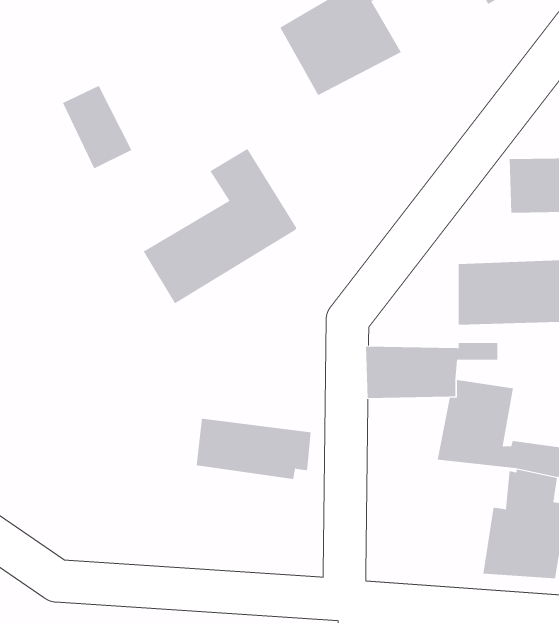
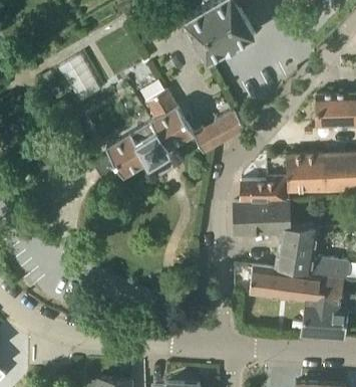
building: none -> [194,110,246,153]
building: none -> [241,178,287,201]
building: [196,418,311,480] -> [250,266,316,302]

